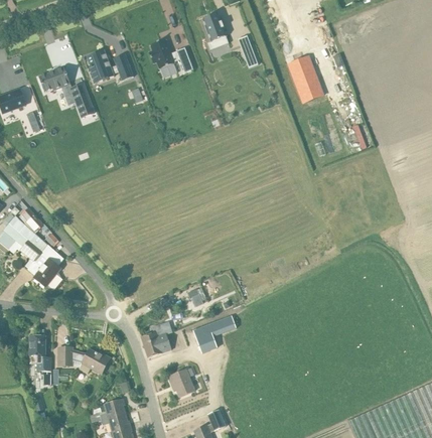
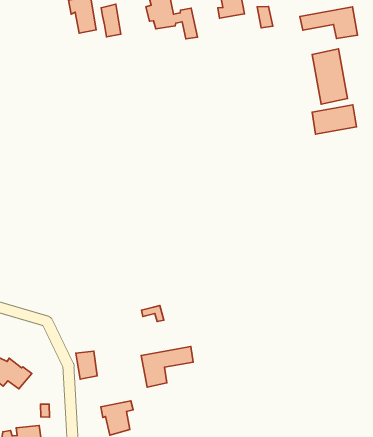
building: none -> [300,7,357,38]
building: [38,66,95,117] -> none
building: none -> [312,105,356,134]

